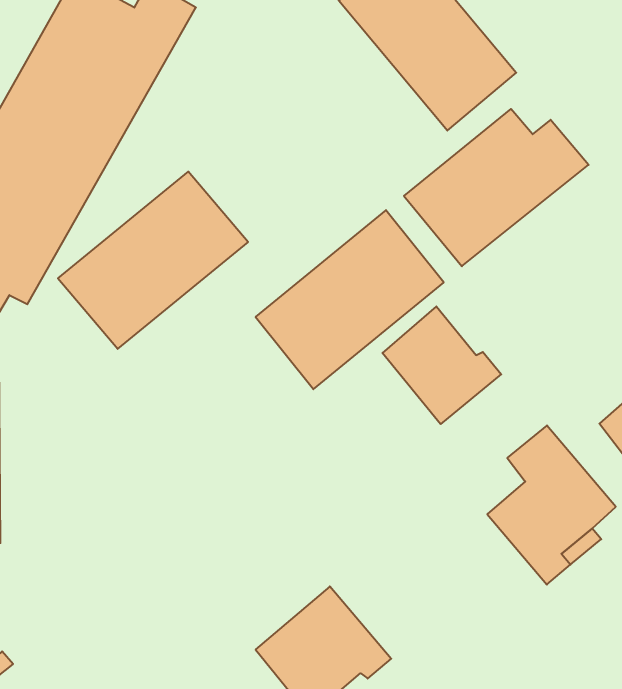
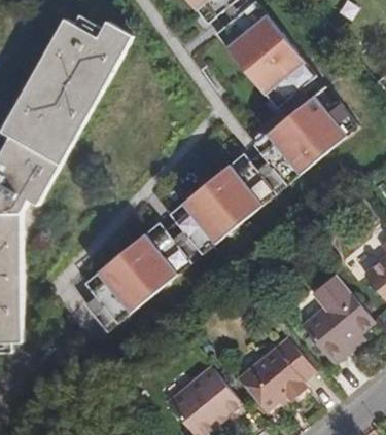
building: [58,172,248,349] -> [83,221,191,322]
building: [382,306,501,424] -> none
building: none -> [238,337,314,411]

